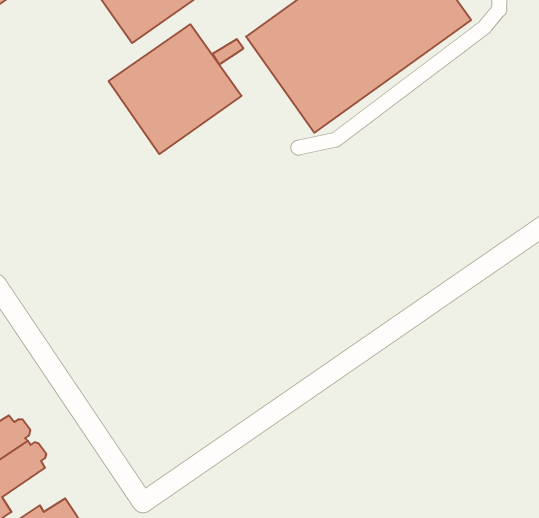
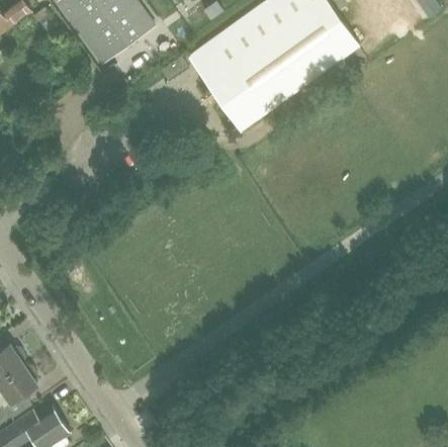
building: [109,24,242,154] -> none

